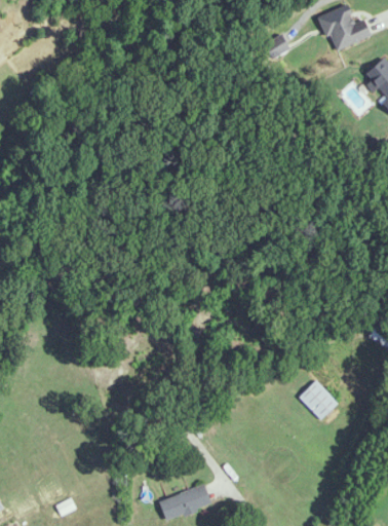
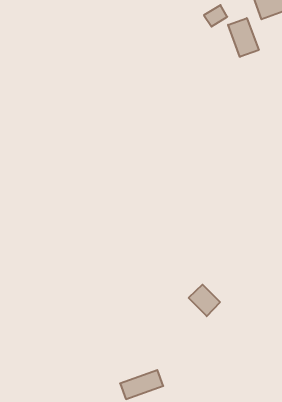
building: none -> [228,18,259,57]
building: [299,381,338,420] -> [189,285,220,316]

